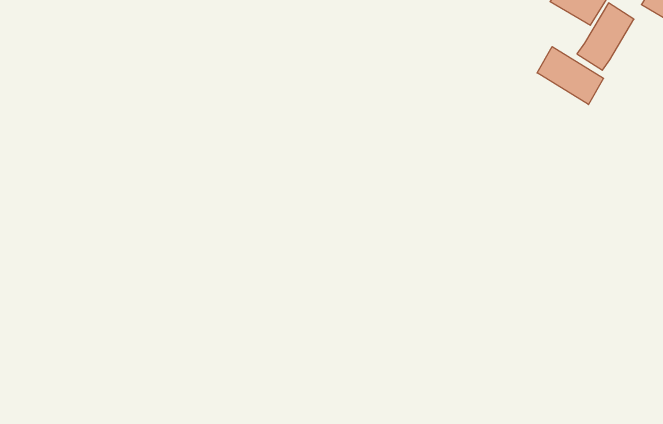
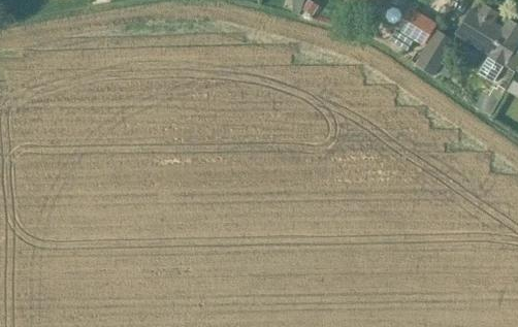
building: [537,47,604,105] -> none

